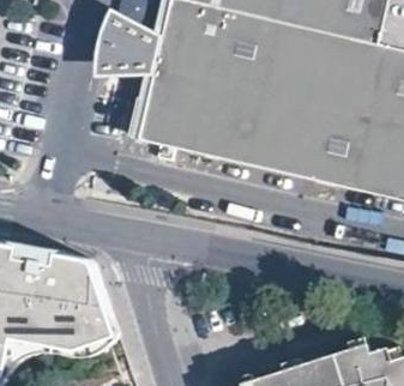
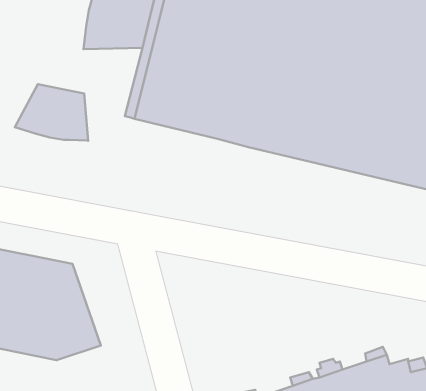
building: none -> [15,84,88,141]

